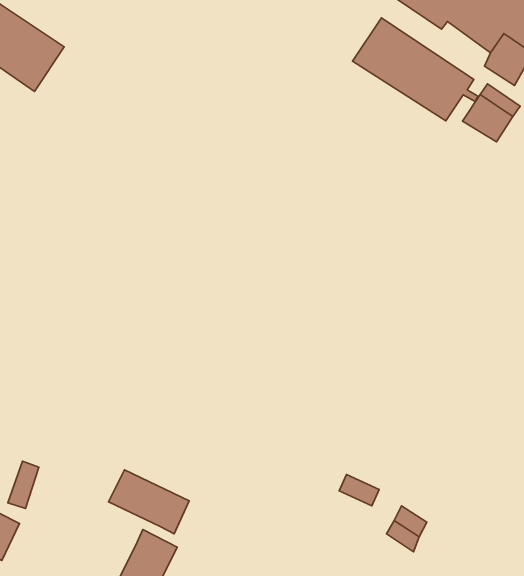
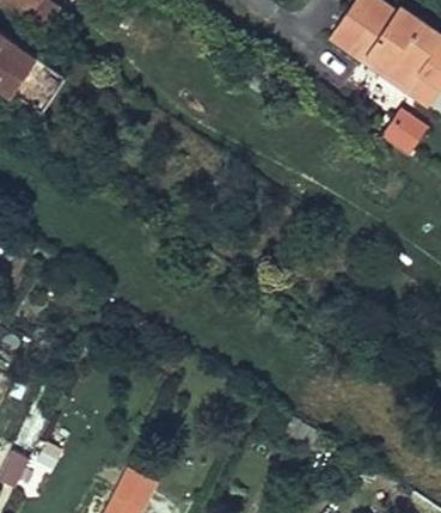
building: [353,18,478,121] -> none
building: [108,470,189,534] -> none

